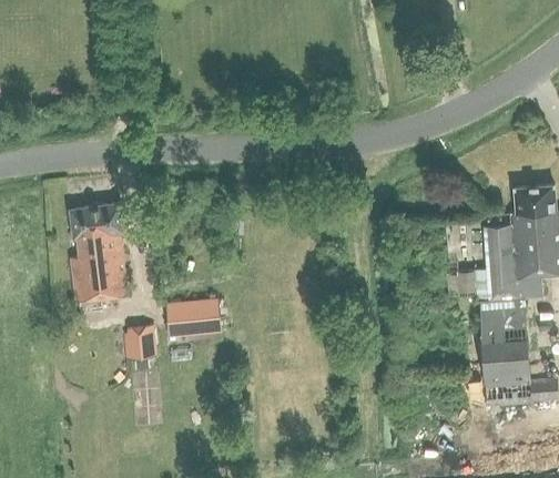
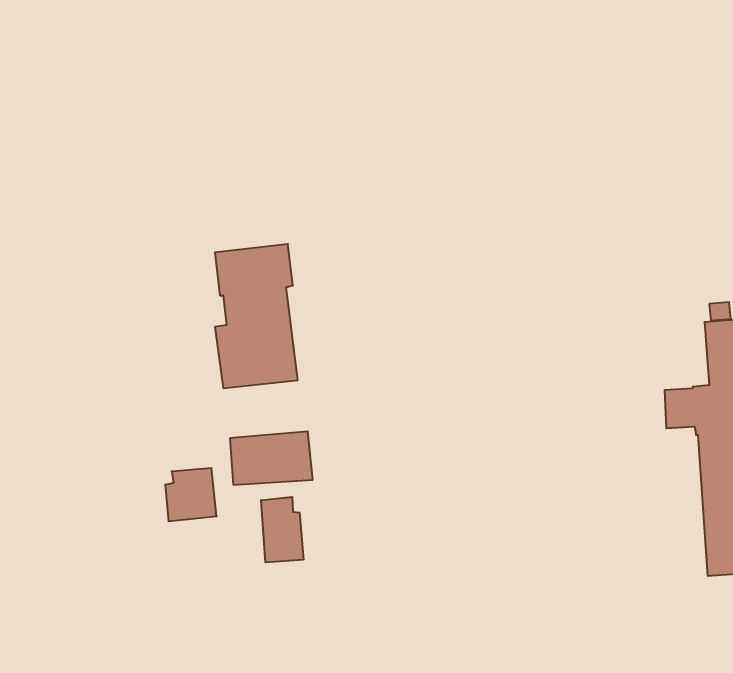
building: [71,203,126,299] -> [215,244,298,388]
building: none -> [261,497,303,562]

